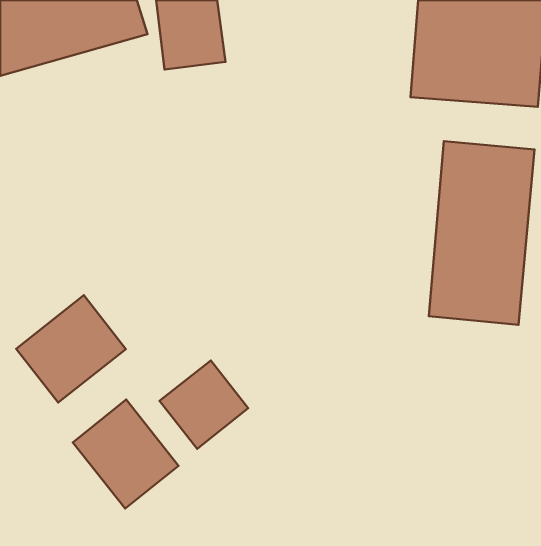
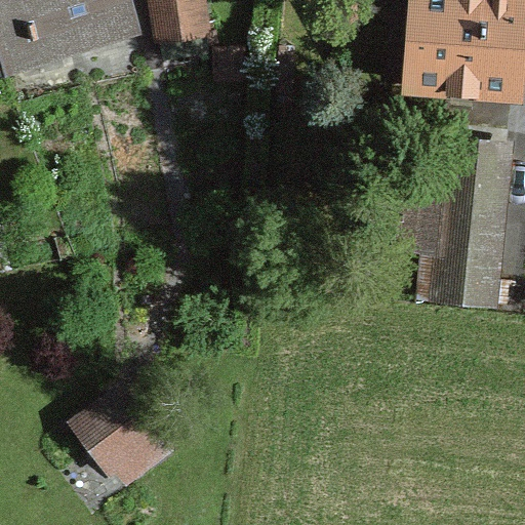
building: [16,295,126,402] -> none
building: [160,360,248,449] -> none

